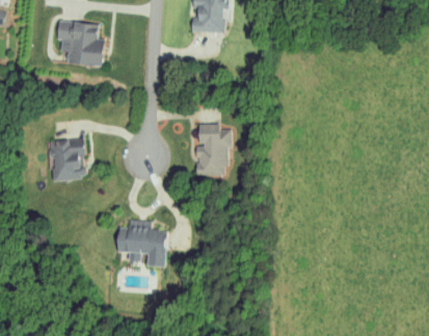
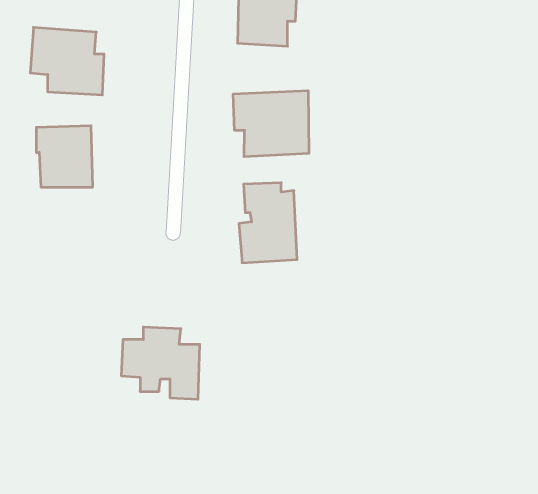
building: none -> [233,91,309,157]
building: [50,138,87,179] -> [36,126,93,187]

